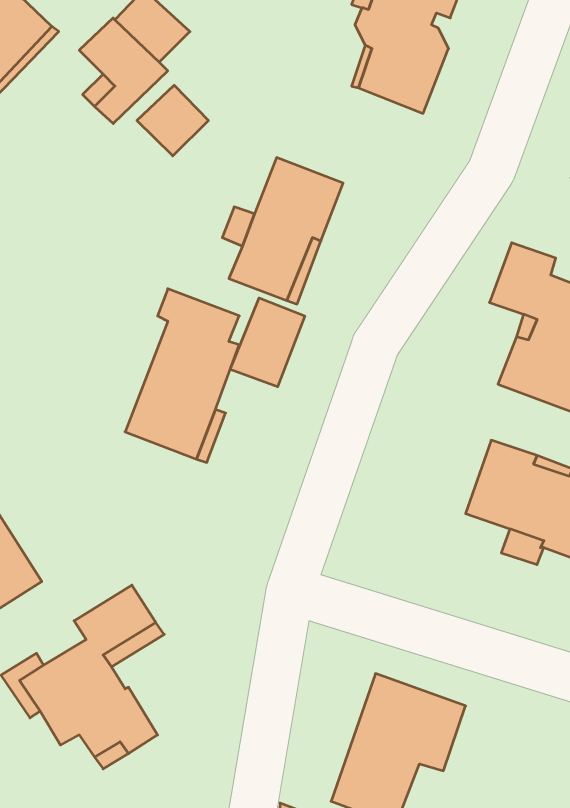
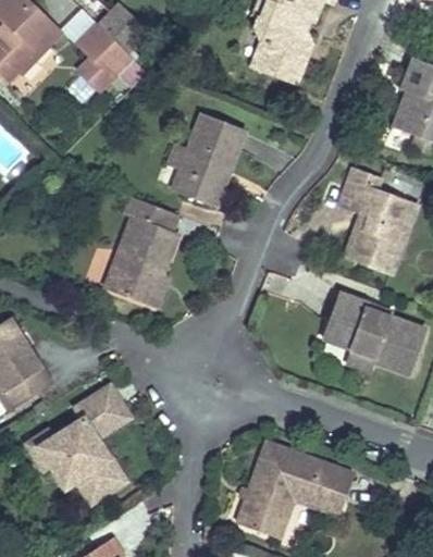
building: [137,85,208,156] -> none
building: [230,298,305,387] -> none
building: none -> [309,462,352,515]

